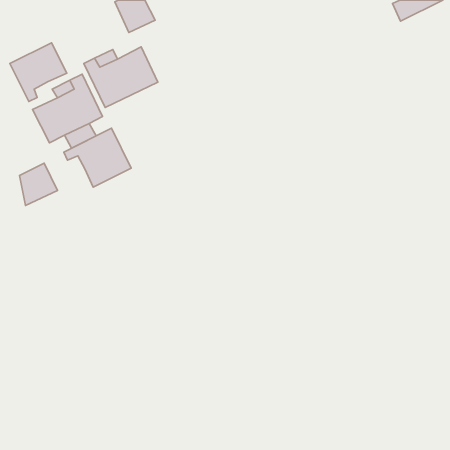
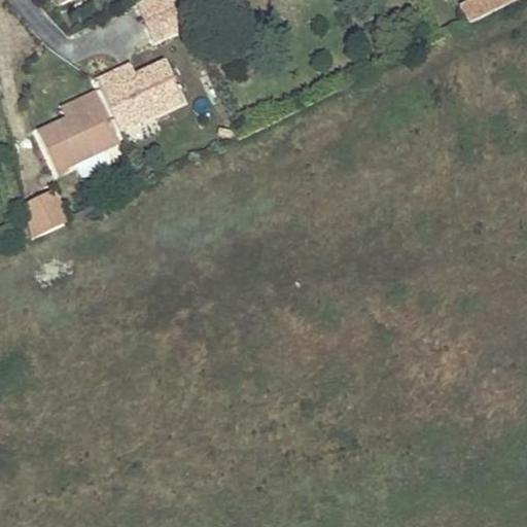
building: [10,43,67,101] -> none
building: [64,128,131,187] -> none

